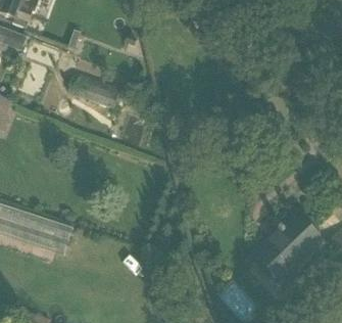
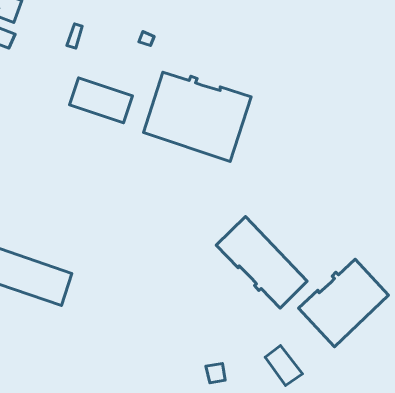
building: none -> [143,72,251,162]
building: none -> [216,216,307,308]

